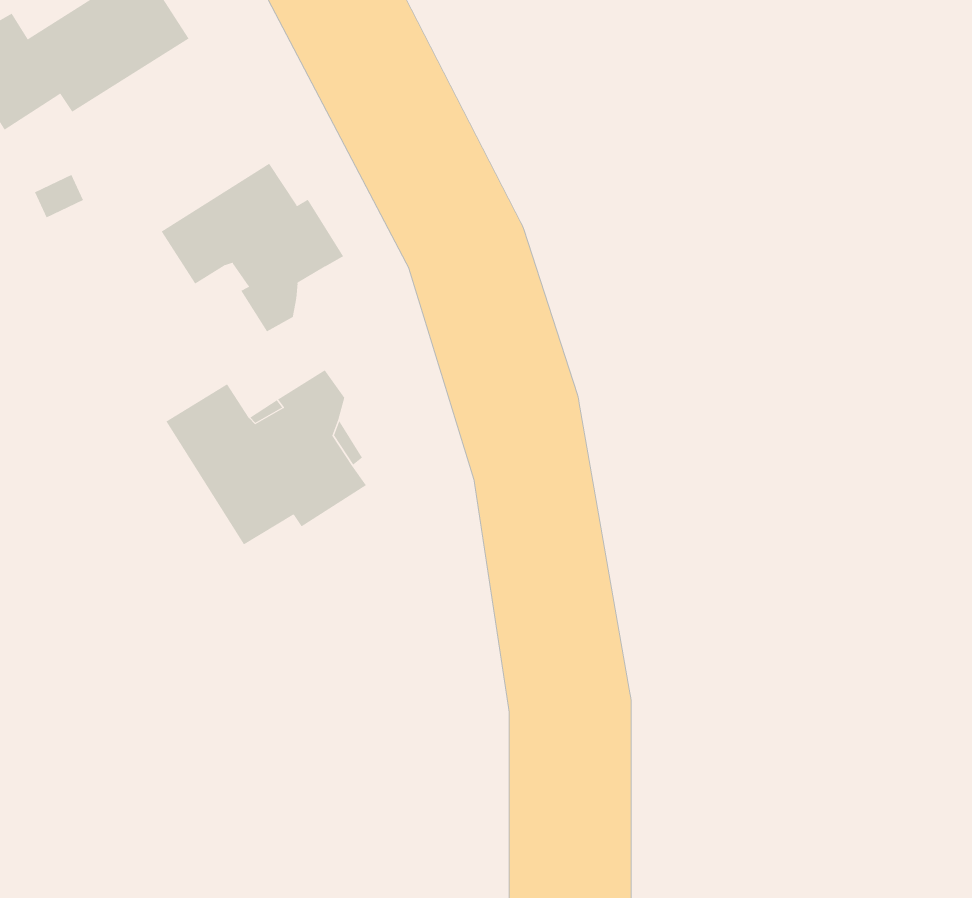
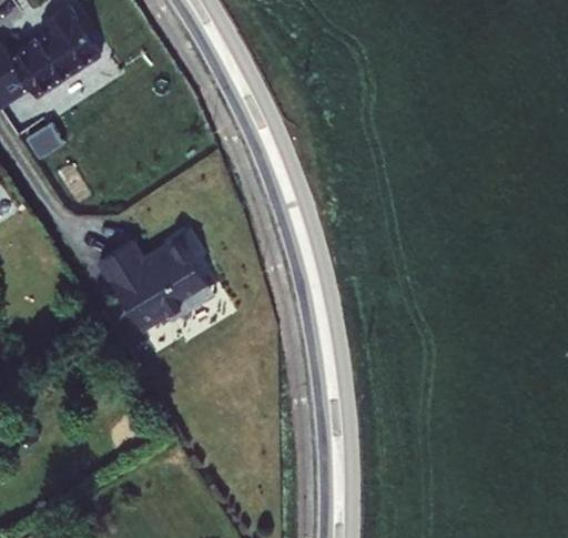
building: [161,163,344,332] -> none

